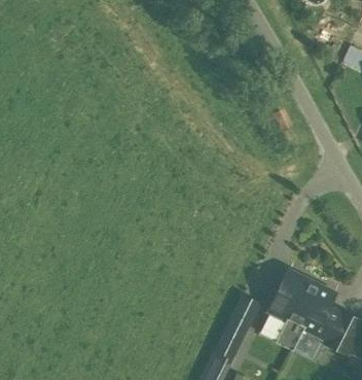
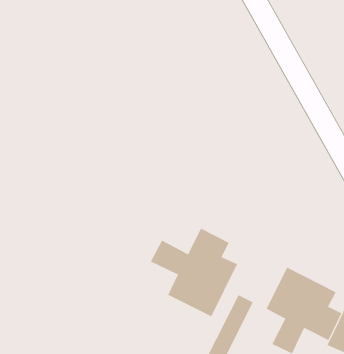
building: none -> [150,228,238,317]

